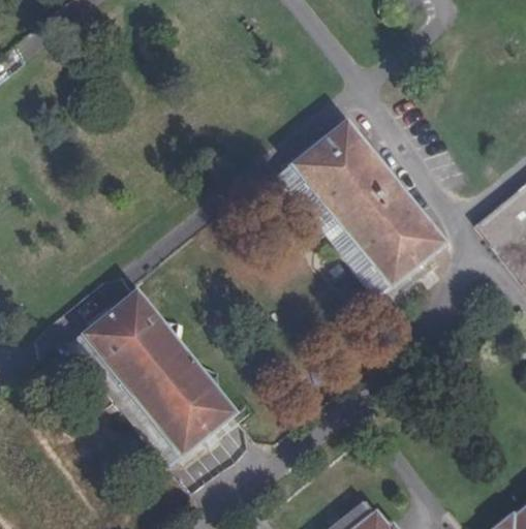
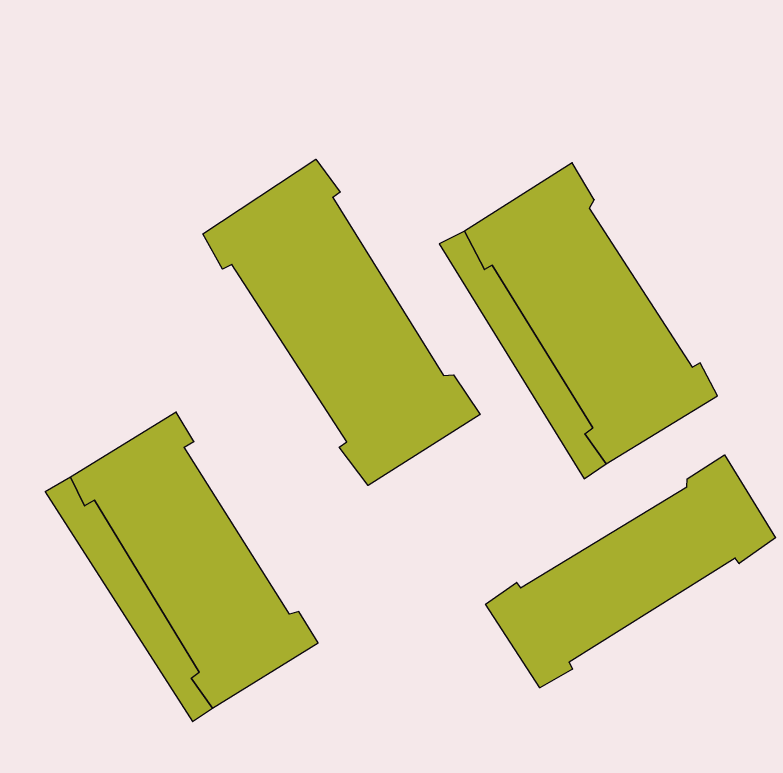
building: none -> [203,159,480,485]
building: none -> [486,455,776,688]

